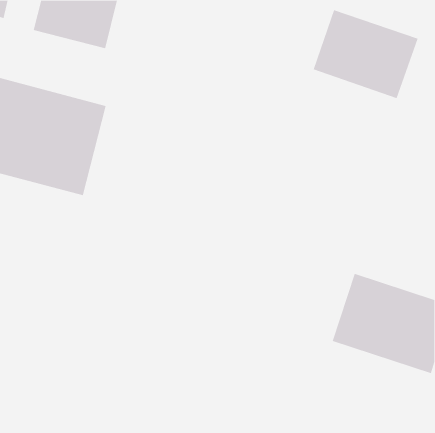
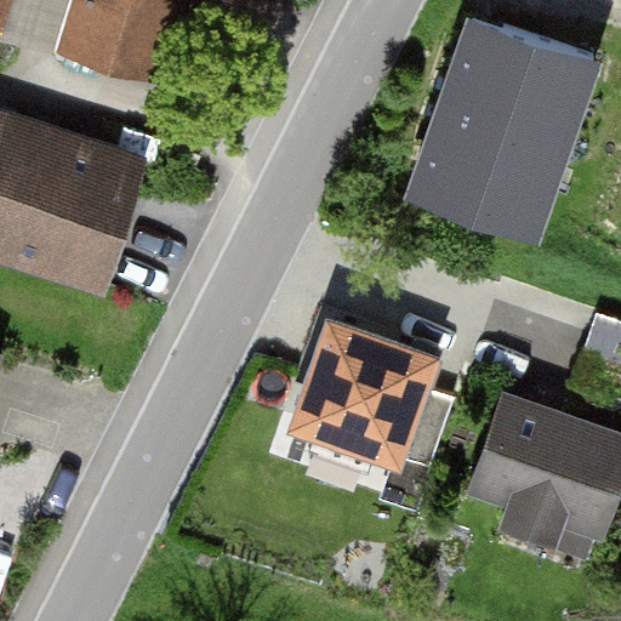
building: none -> [411,107,560,233]
building: none -> [287,321,439,473]

